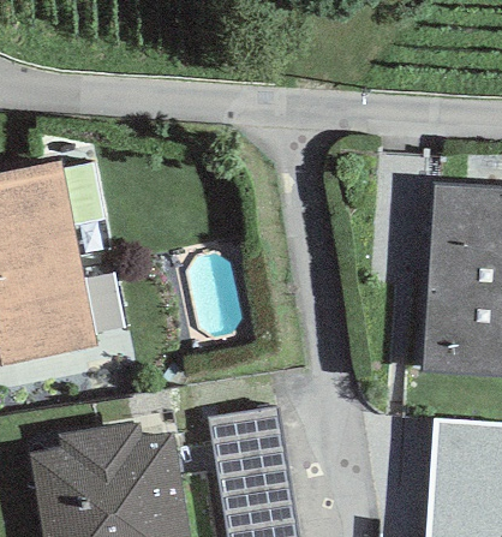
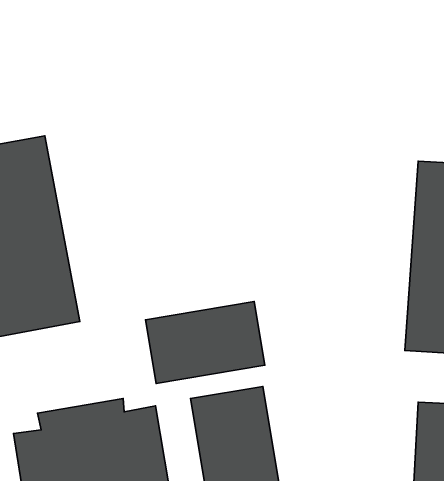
building: none -> [145,302,265,383]

